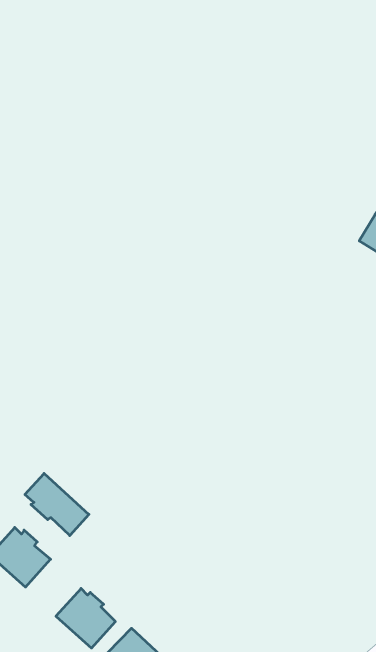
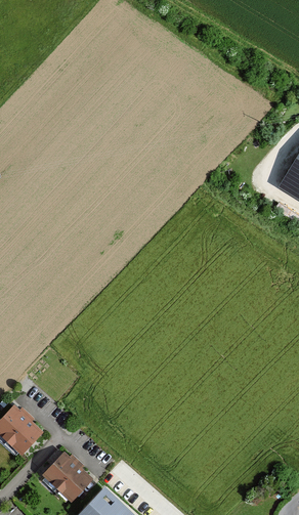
building: [25,473,89,536] -> none

